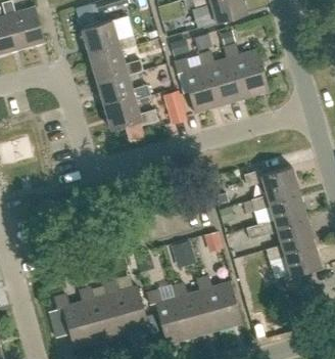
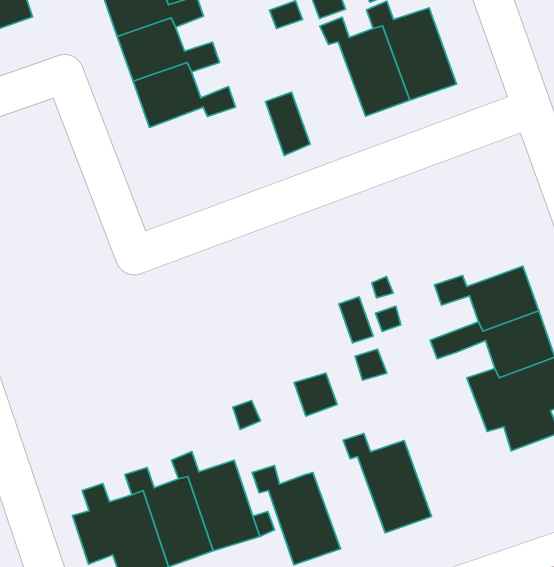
building: [173,58,219,114] -> none
building: [102,95,156,130] -> none
building: [243,166,298,200] -> none
building: [171,283,216,338] -> none

